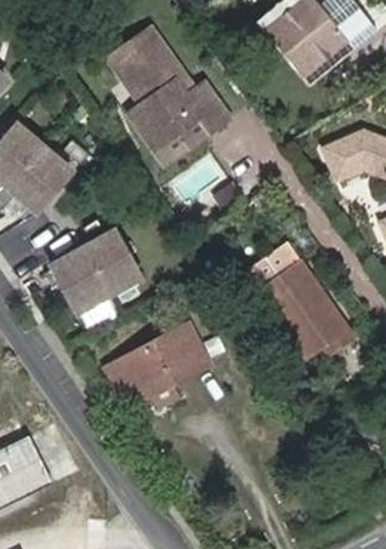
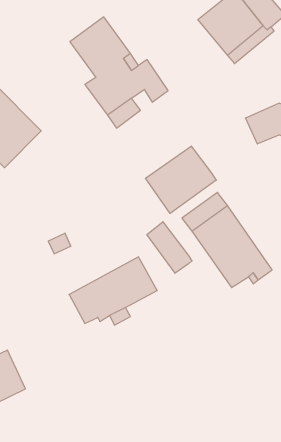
building: none -> [145,146,216,213]
building: [38,219,134,305] -> none
building: none -> [147,222,192,273]

